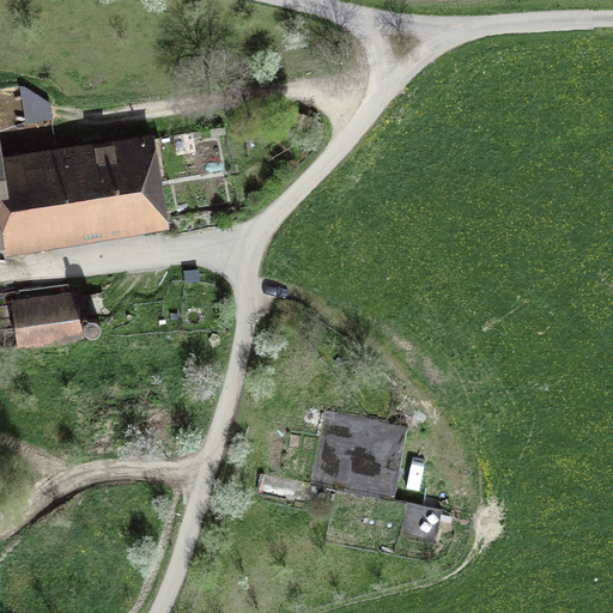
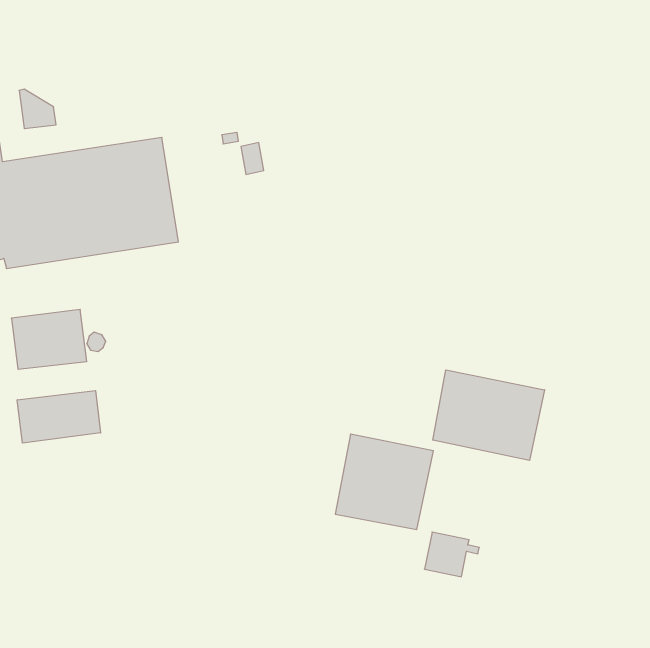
building: none -> [433,370,545,460]
building: none -> [17,391,101,443]

